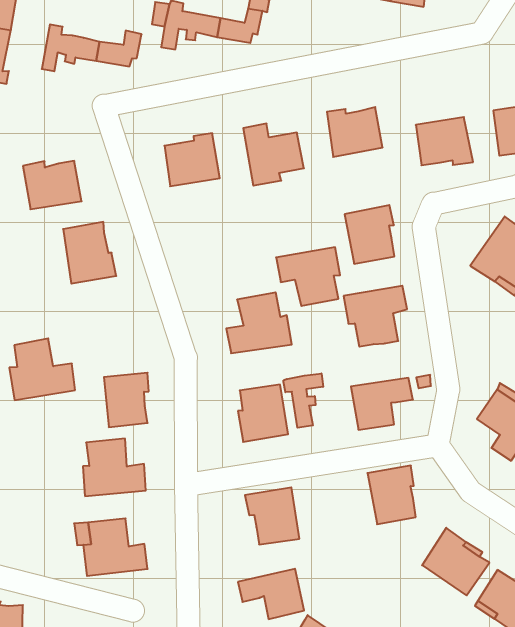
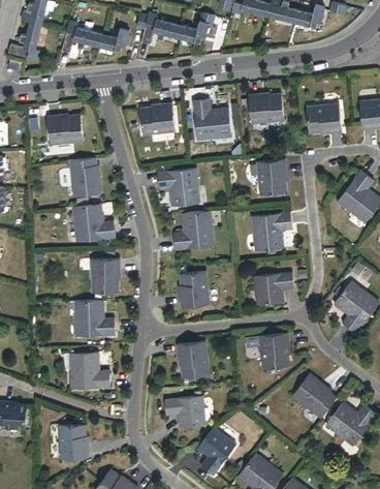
building: [276,247,340,306] -> [156,167,197,205]
building: [9,338,75,400] -> [73,203,116,242]
building: [283,373,323,428] -> none

